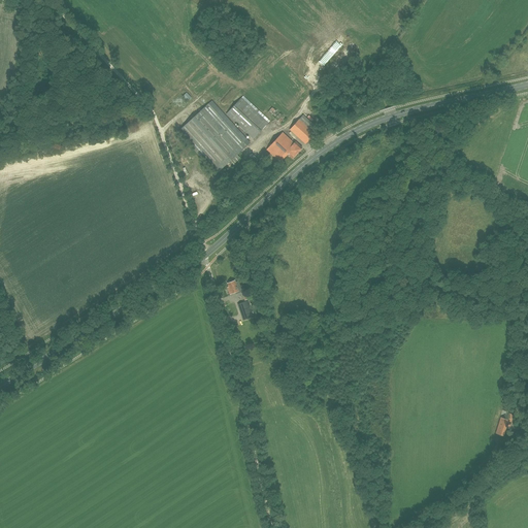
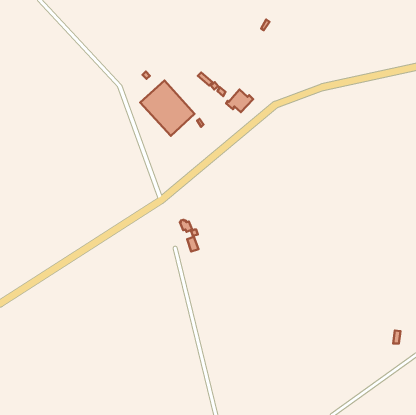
building: [227,97,268,137] -> none
building: [266,131,302,161] -> none

